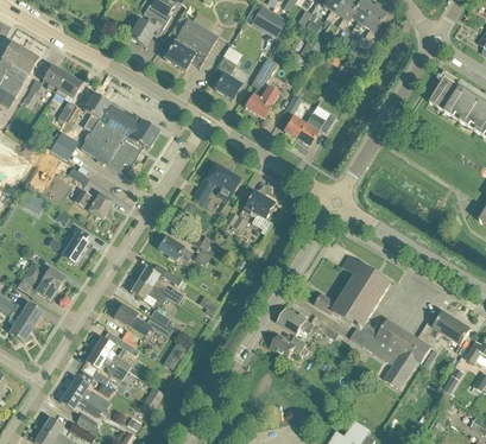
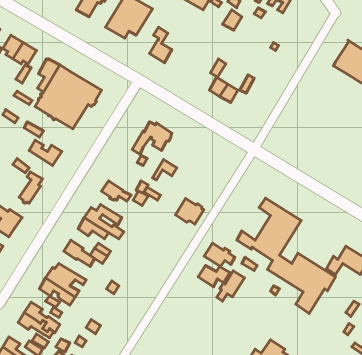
building: [245,56,278,116] -> none
building: [242,190,276,220] -> [175,199,204,224]
building: none -> [217,271,244,301]

